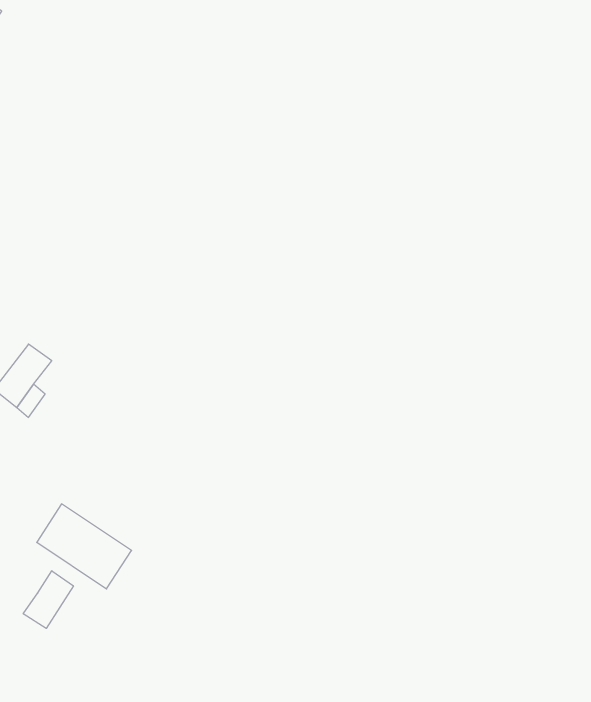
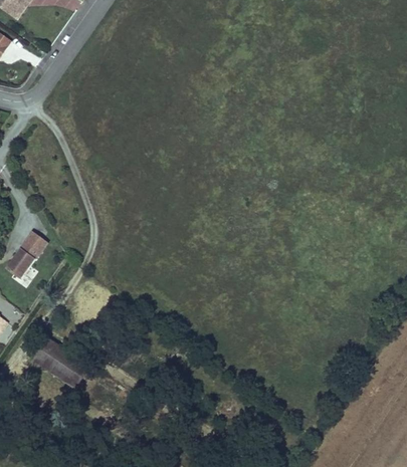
building: [23,571,73,628] -> none

